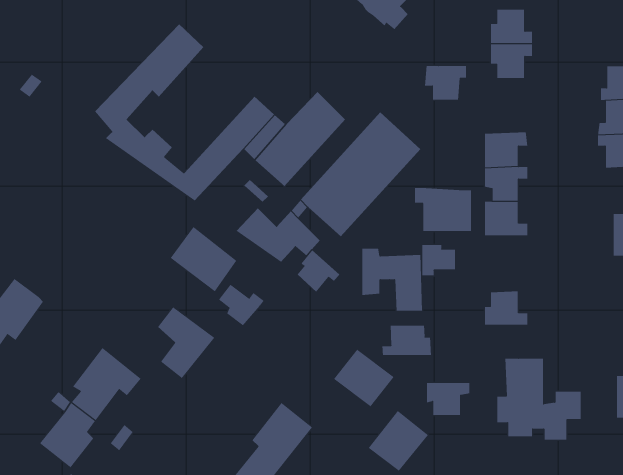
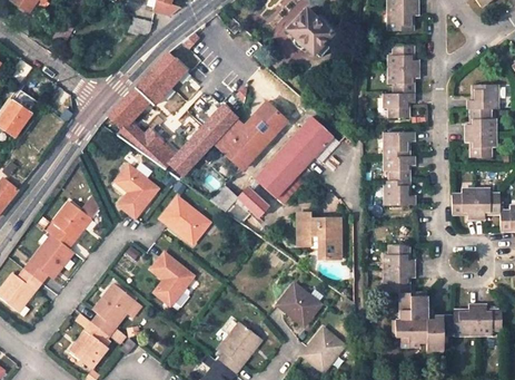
building: [424,66,467,100] -> [383,92,413,117]
building: none -> [117,166,158,217]
building: [415,187,471,232] -> none
building: none -> [452,188,475,220]
building: none -> [51,201,91,247]
building: [422,244,456,276] -> none
building: [297,250,340,292] -> none
building: [218,284,264,326] -> none
building: [382,325,431,356] -> none
building: none -> [453,303,477,334]
building: [426,383,470,416] -> [384,267,415,291]

